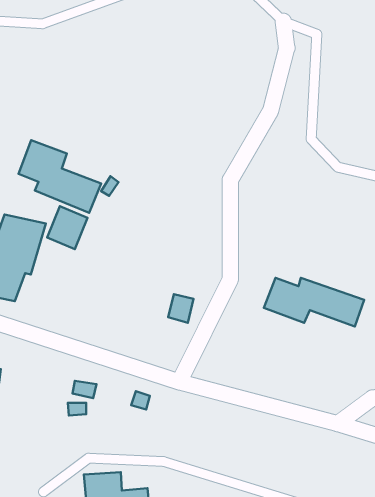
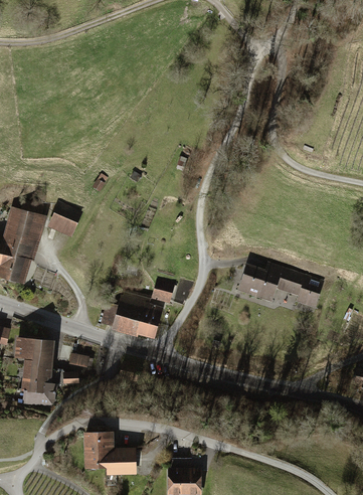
building: [19,140,101,213] -> none
building: none -> [101,291,160,339]
building: none -> [14,338,58,414]

